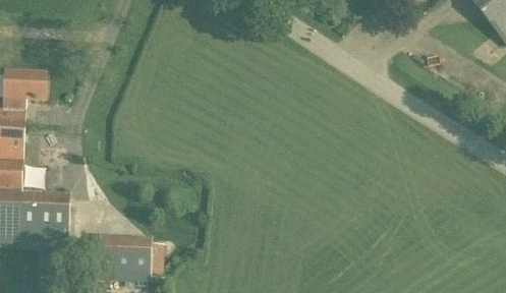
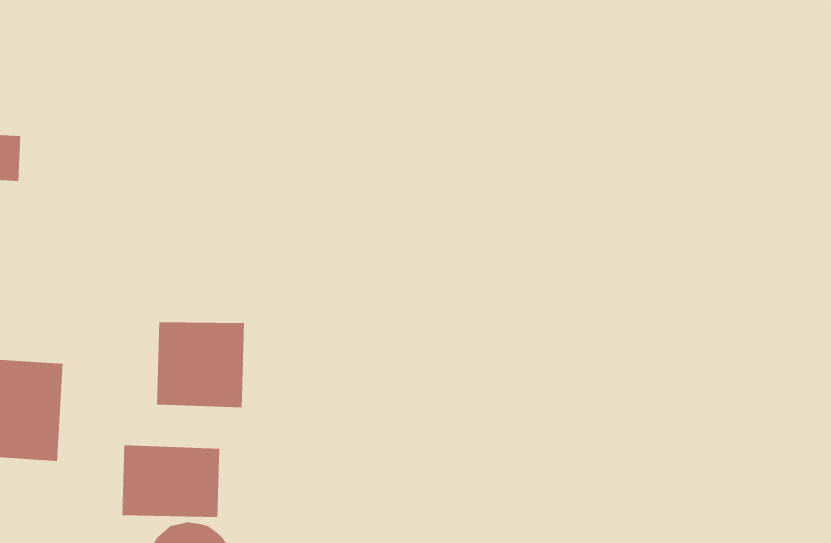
building: none -> [156,322,245,408]

